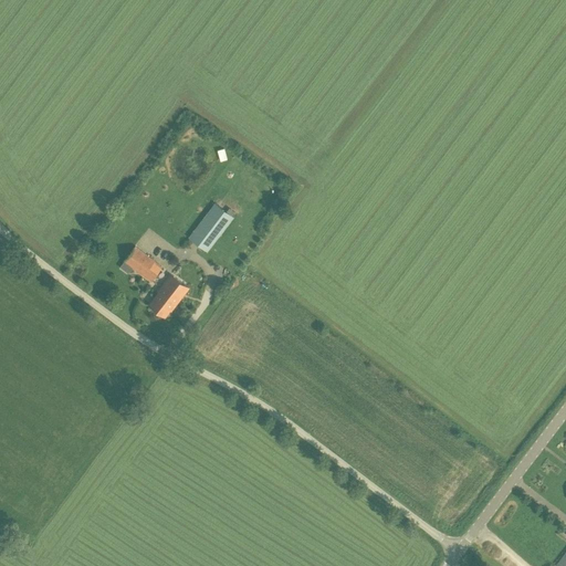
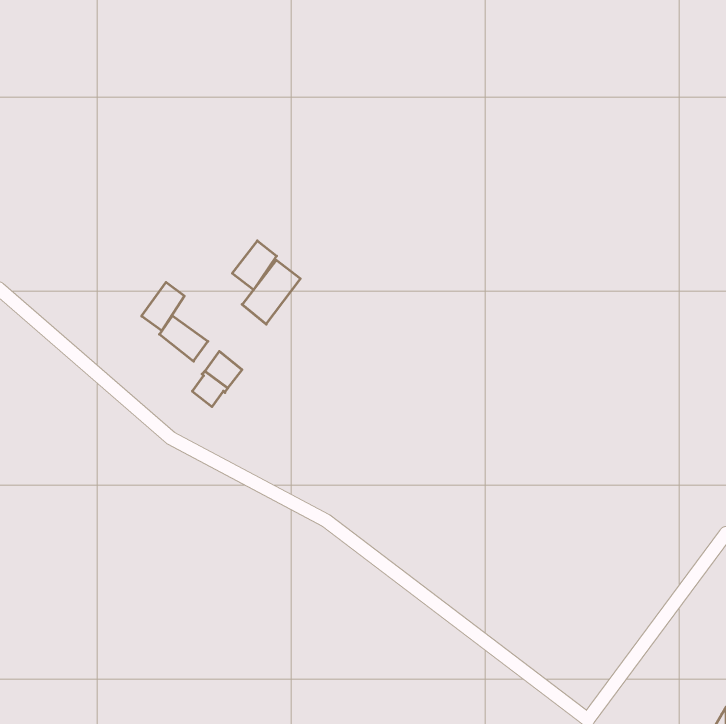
building: none -> [232,241,277,290]
building: none -> [142,282,184,331]

